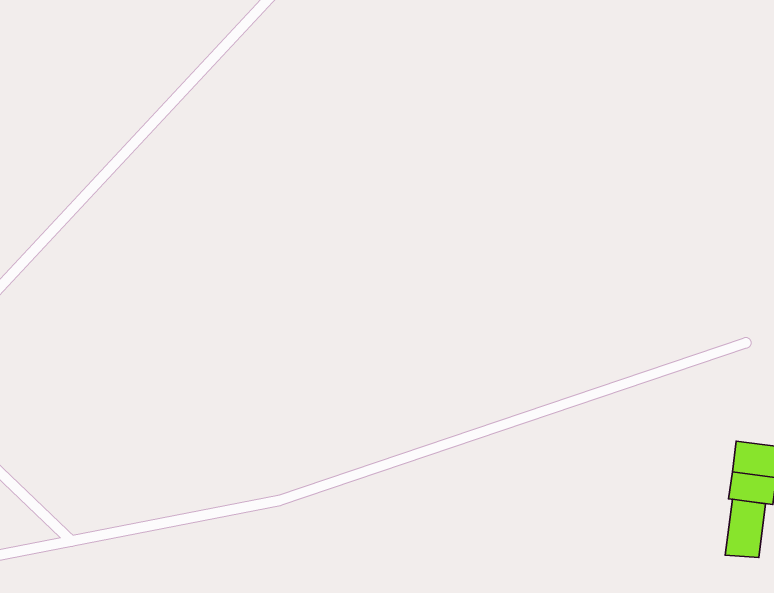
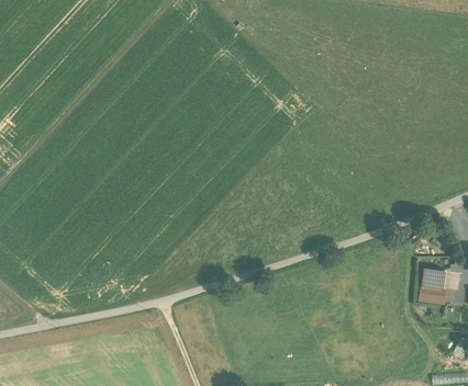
building: [725,499,765,557] -> none

